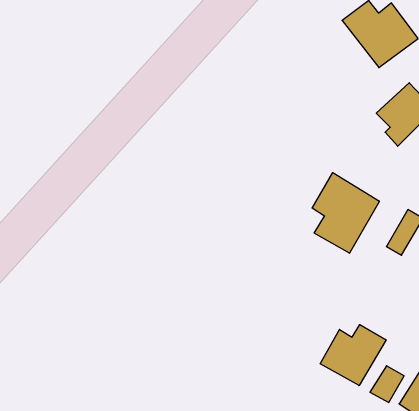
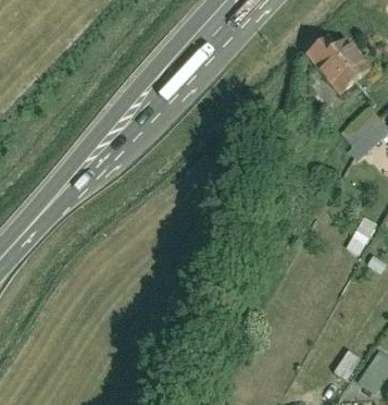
building: [312,173,379,253] -> none
building: [320,325,386,386] -> none

